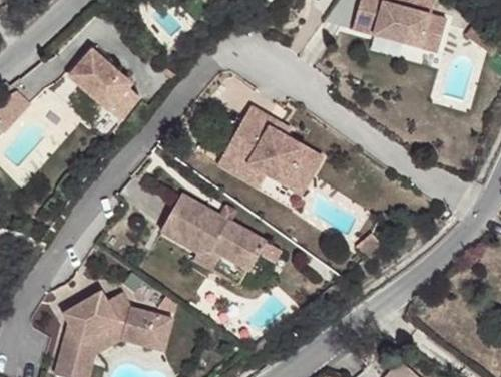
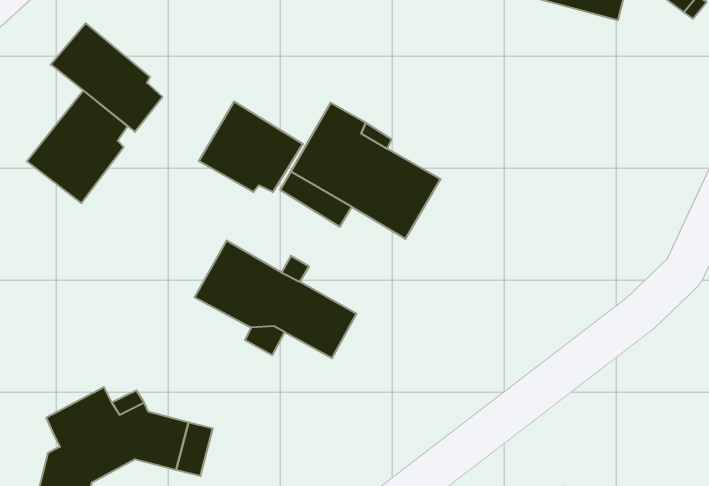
building: none -> [27,91,127,203]
building: none -> [199,102,303,192]

